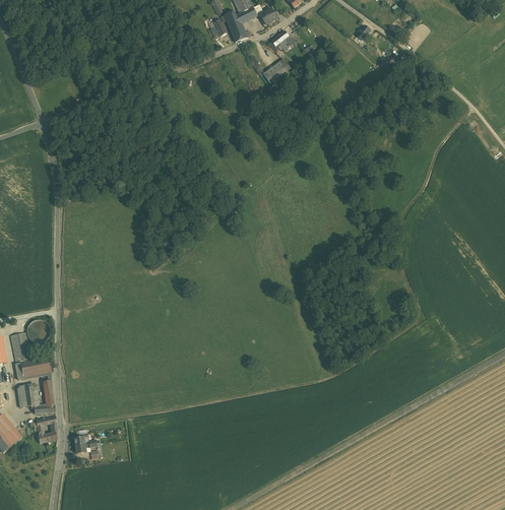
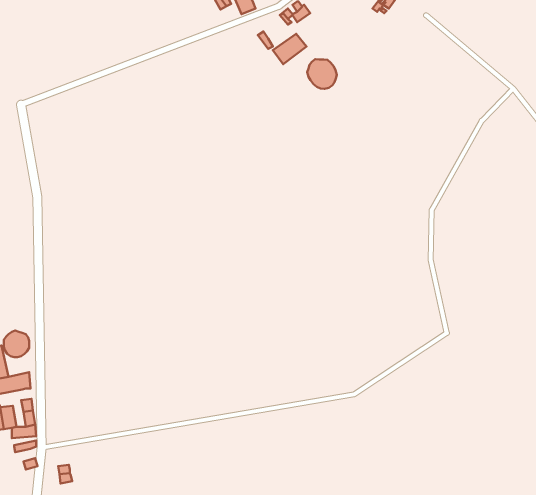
building: none -> [307,59,337,89]

